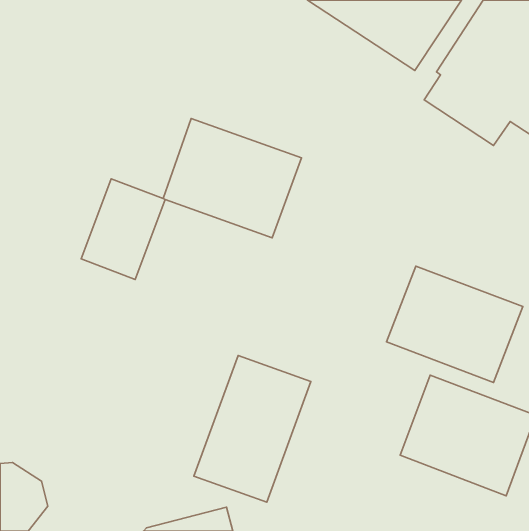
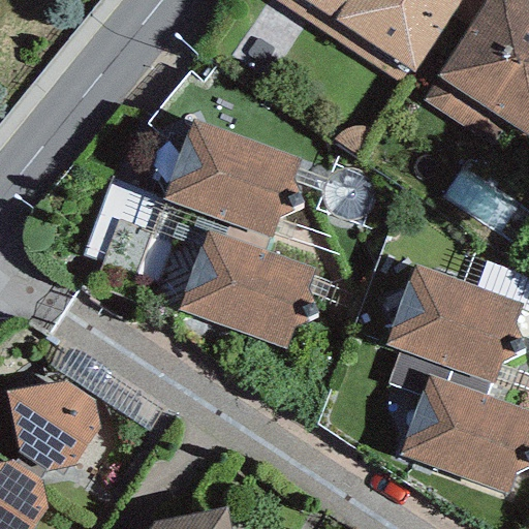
building: none -> [179,229,315,347]
building: [194,355,311,502] -> none
building: none -> [6,380,101,470]

